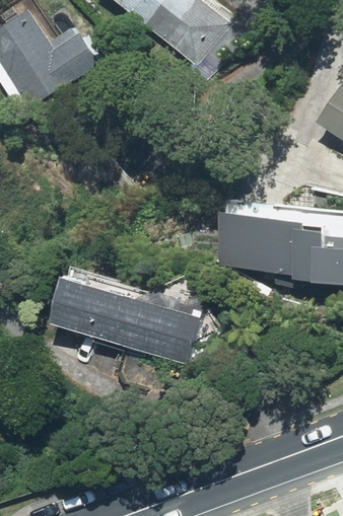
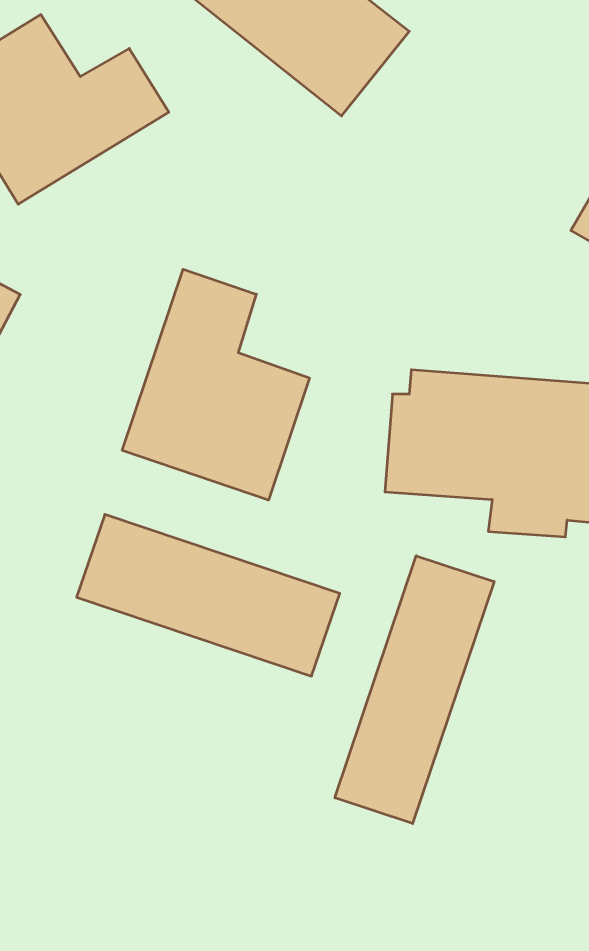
building: none -> [122,269,309,500]
building: none -> [335,556,494,824]

